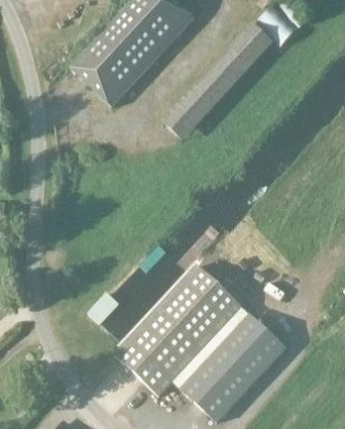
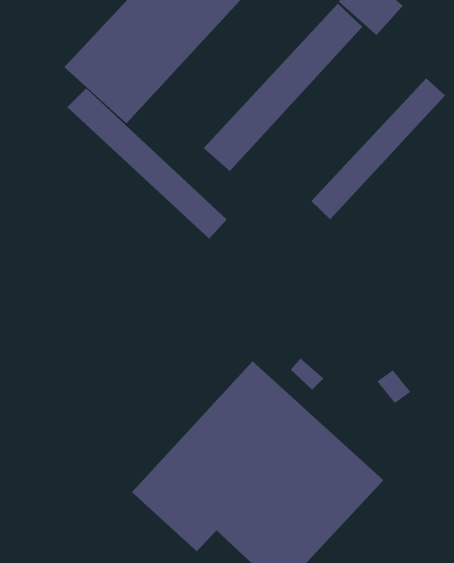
building: none -> [310,78,446,220]
building: none -> [67,87,227,240]

